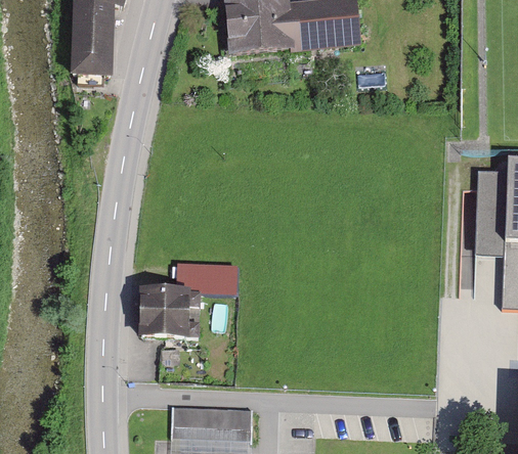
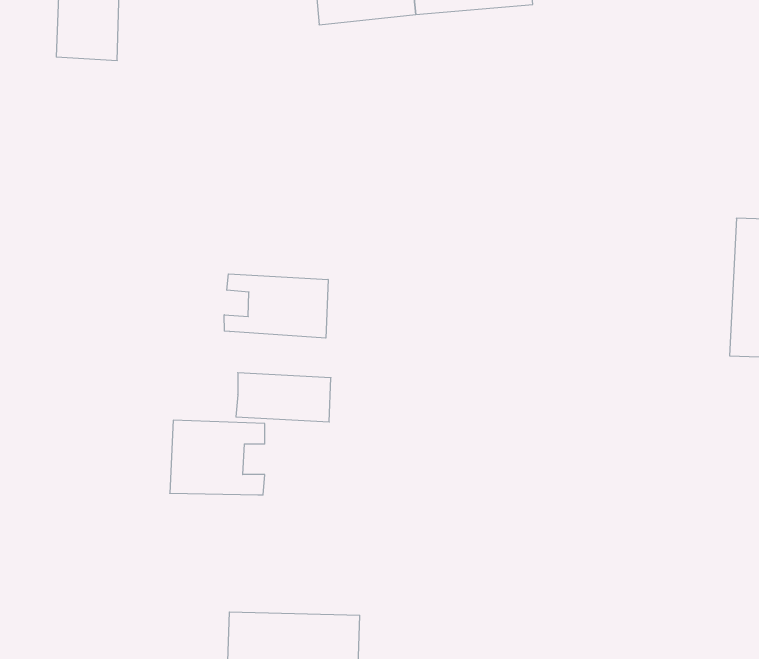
building: none -> [224,274,328,338]

